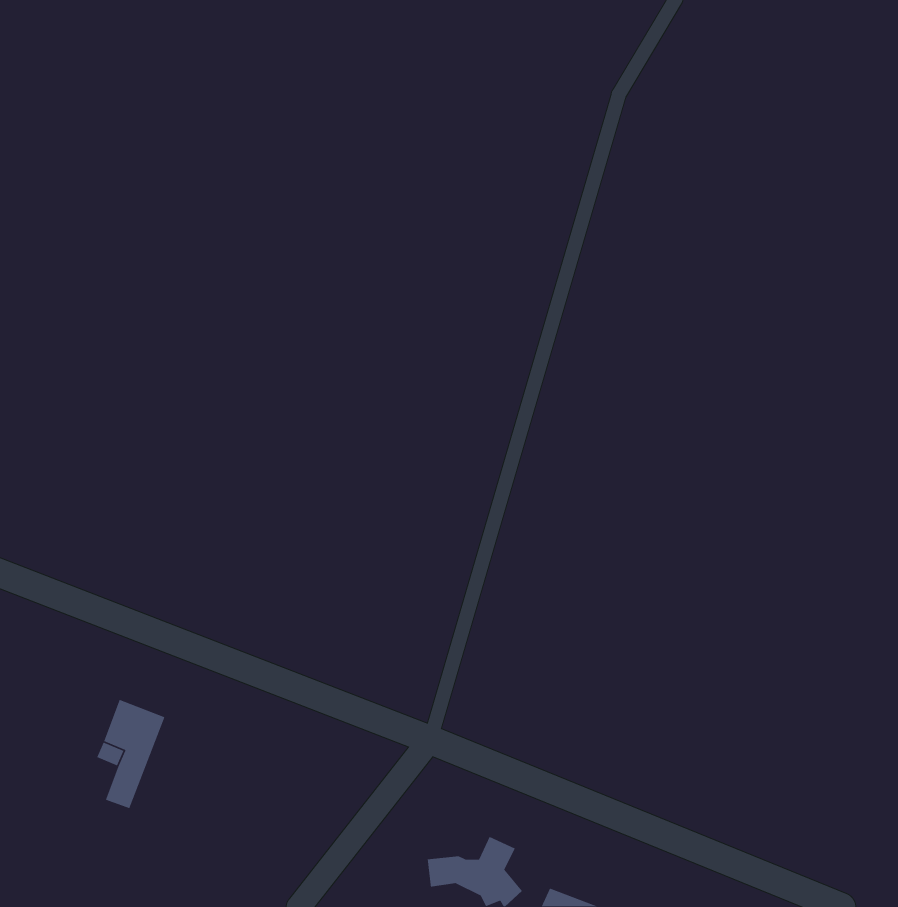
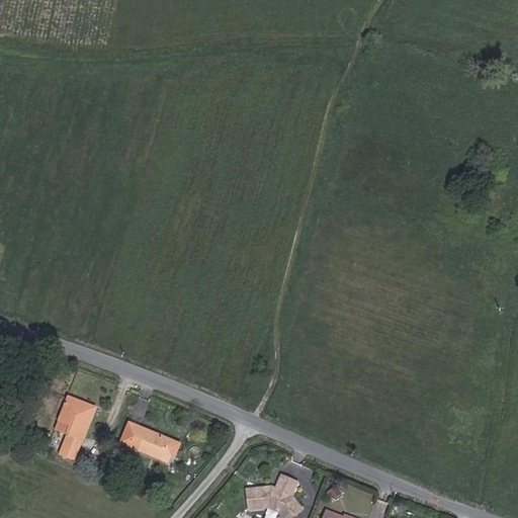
building: none -> [121,422,180,460]

